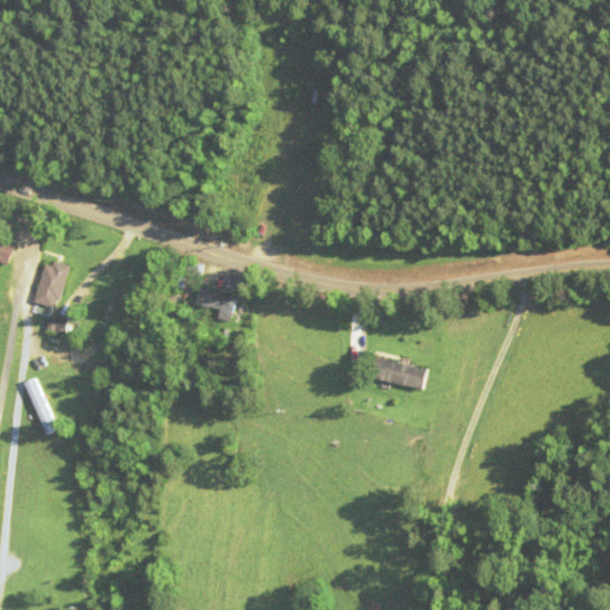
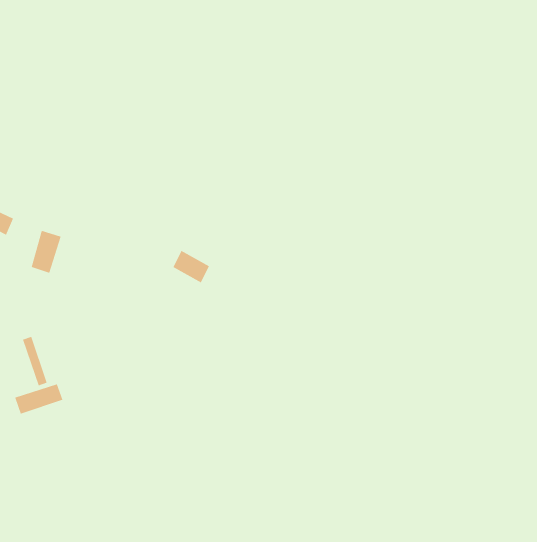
building: [369,357,424,388] -> none
building: none -> [15,384,63,415]

